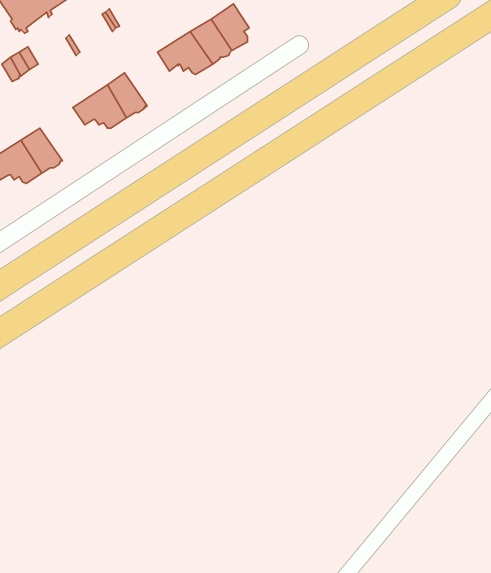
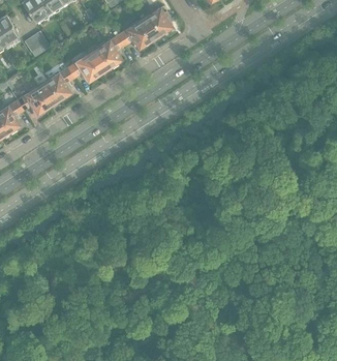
building: none -> [98,35,125,67]
building: none -> [48,68,74,100]

